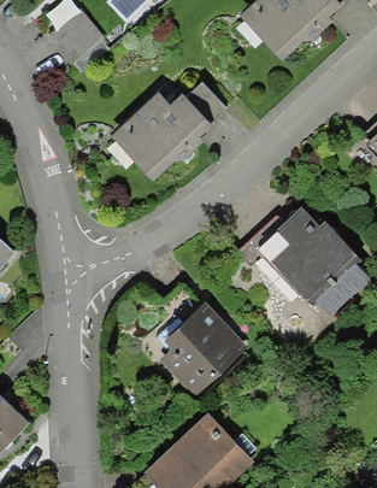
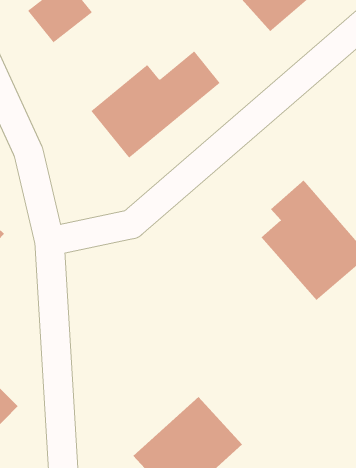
building: [160,301,249,400] -> none

